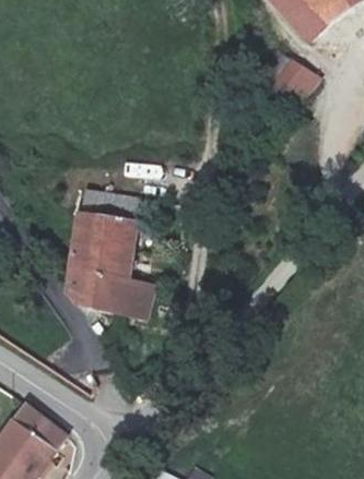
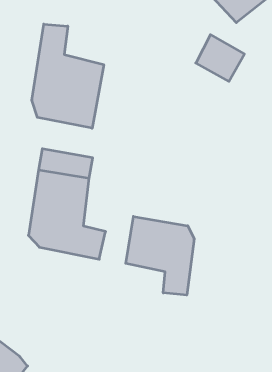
building: none -> [32,24,104,128]
building: none -> [126,216,194,295]

